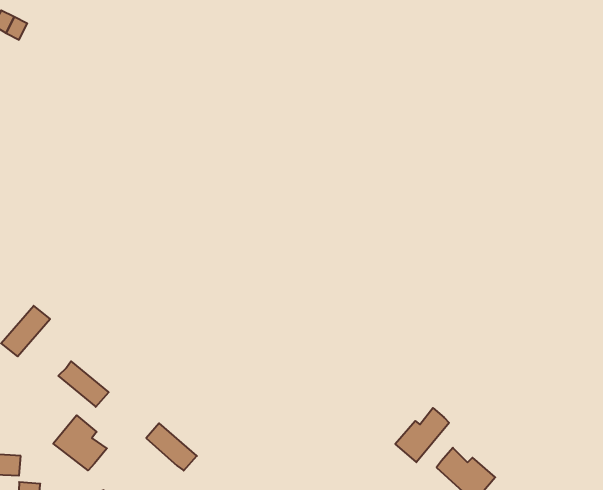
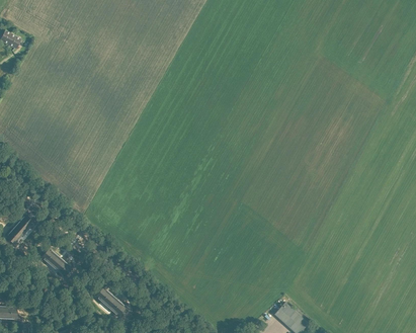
building: [395,408,449,462] -> none
building: [53,415,107,470] -> none

